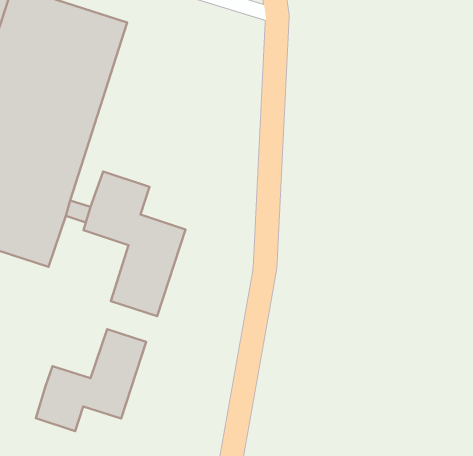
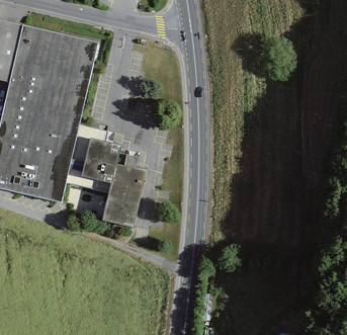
building: [36,329,146,431] -> none

